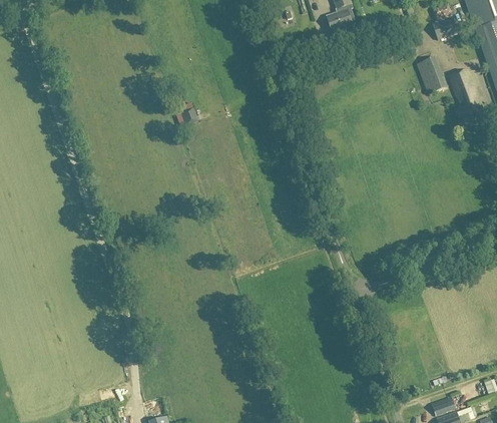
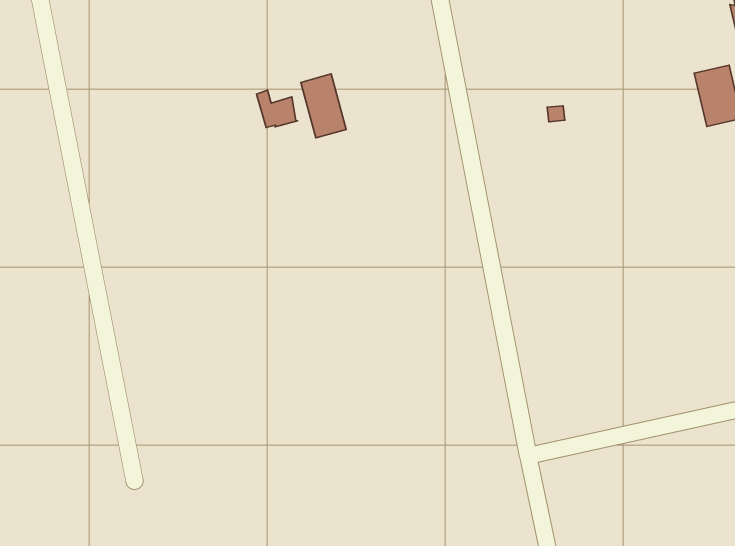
building: none -> [301,74,346,138]

